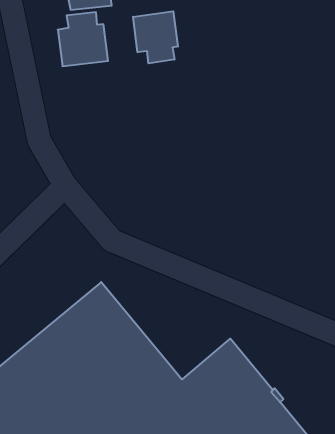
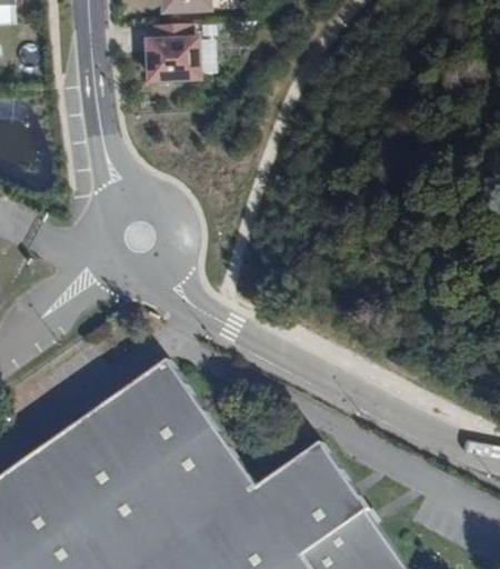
building: [133,11,178,63] -> none

